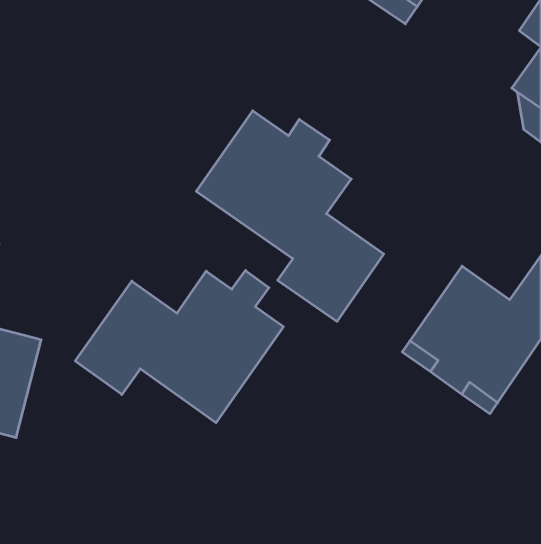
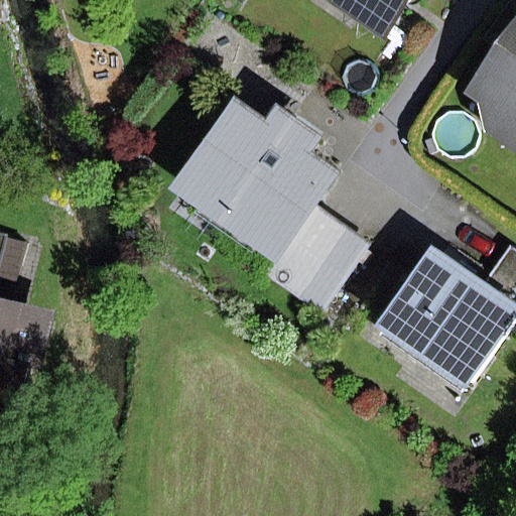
building: [75,270,283,423] -> none

